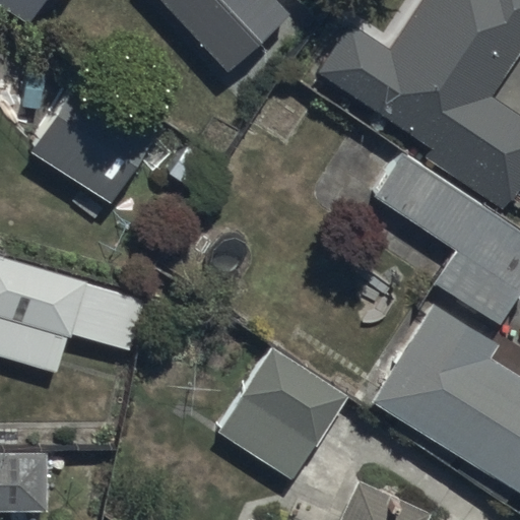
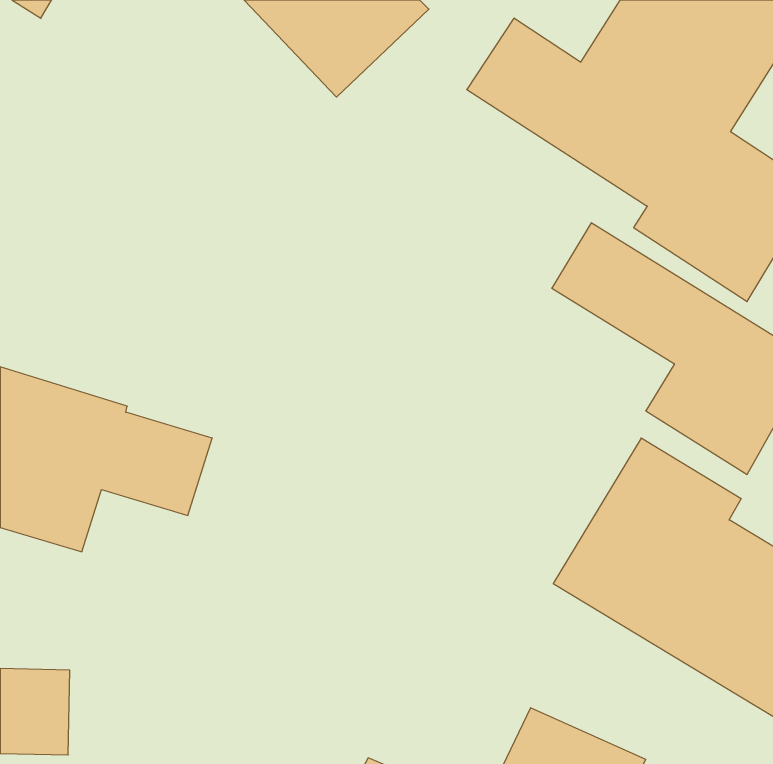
building: [29,75,160,204] -> none
building: [213,345,347,482] -> none

